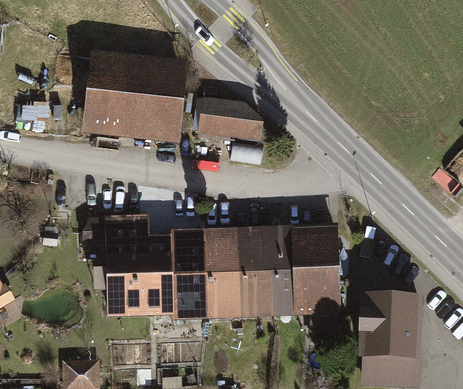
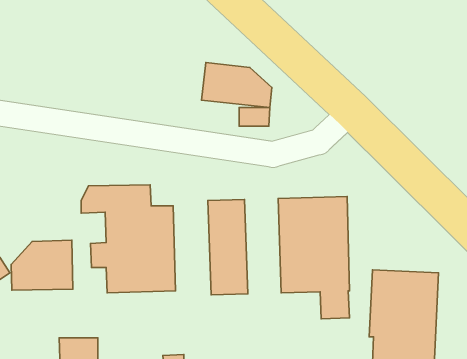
building: [82,51,188,145] -> none
building: [239,228,274,319] -> none
building: [171,230,207,321] -> none
building: none -> [11,240,73,290]

